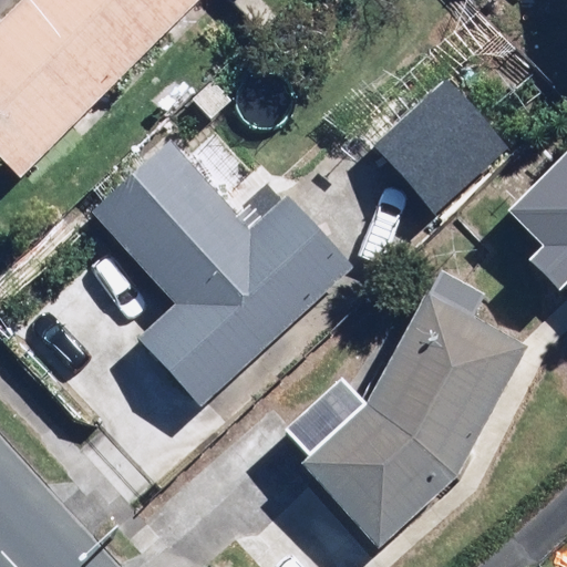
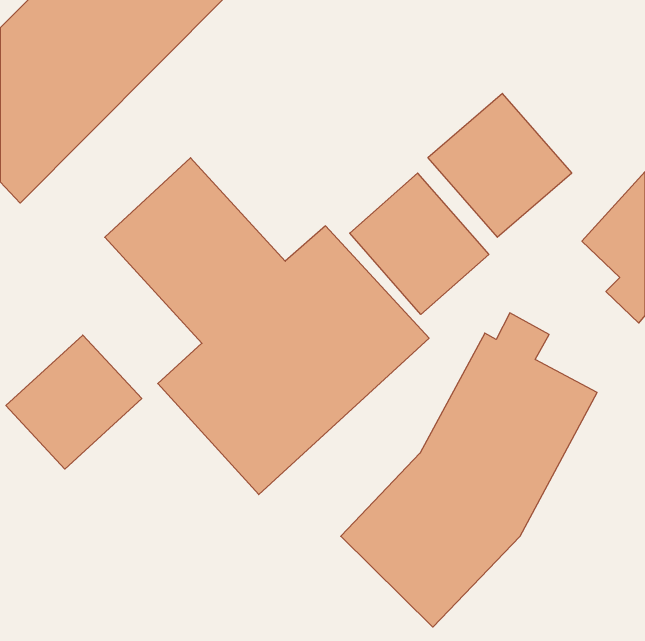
building: none -> [350,173,489,314]
building: none -> [6,335,142,469]

